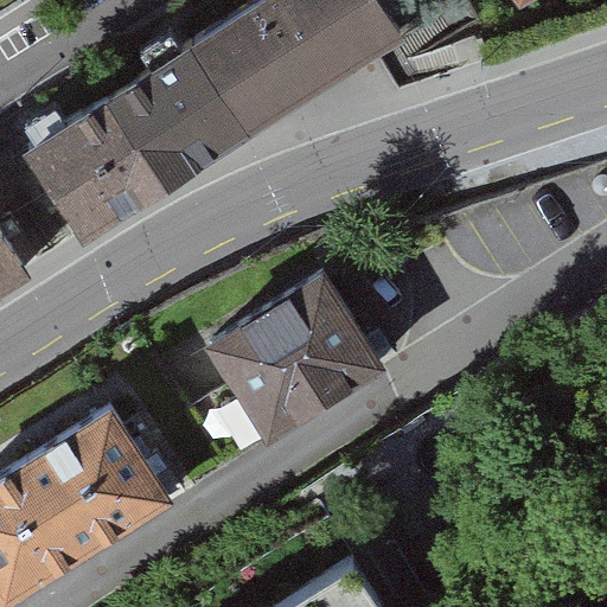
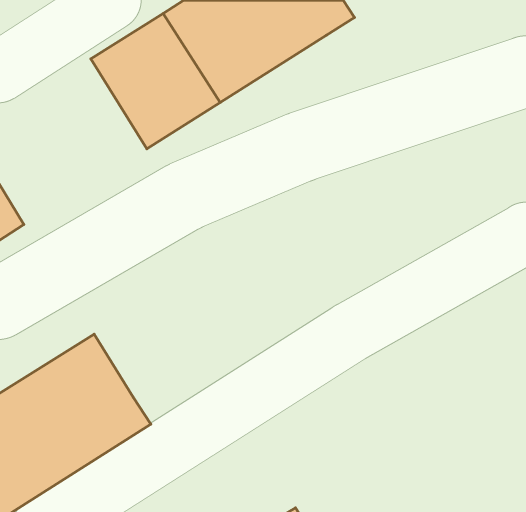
building: [20,87,168,242] -> none
building: [199,268,385,448] -> none

